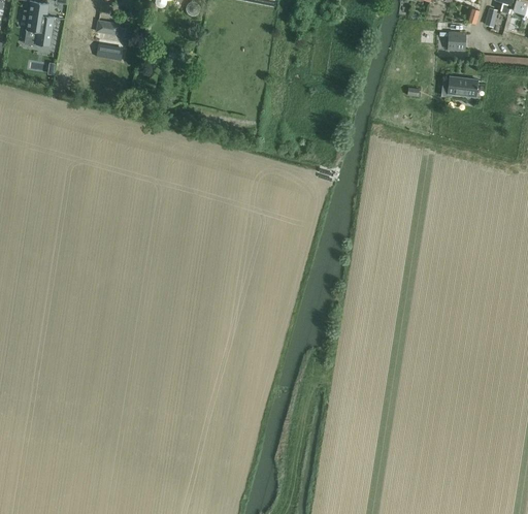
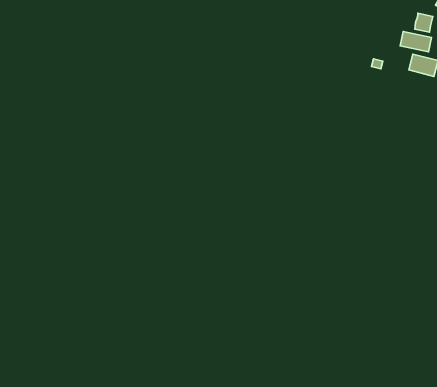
building: none -> [400,31,431,52]

